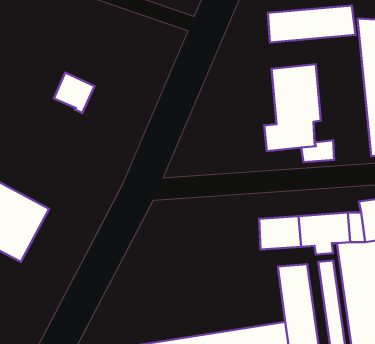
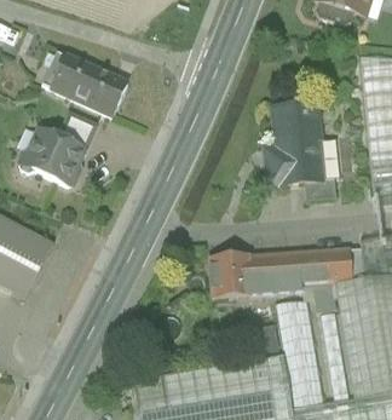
building: [268,6,356,43] -> none
building: none -> [42,51,128,116]
building: none -> [19,130,83,185]
building: none -> [209,257,263,298]

